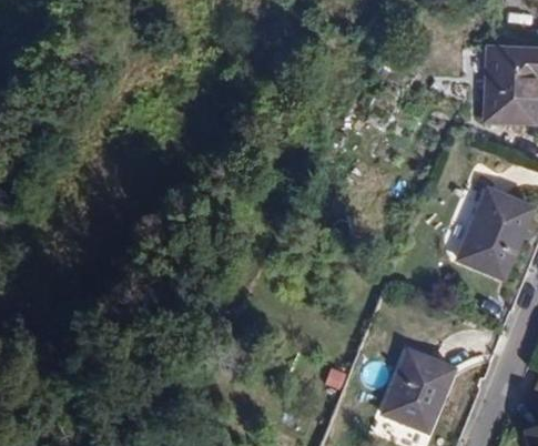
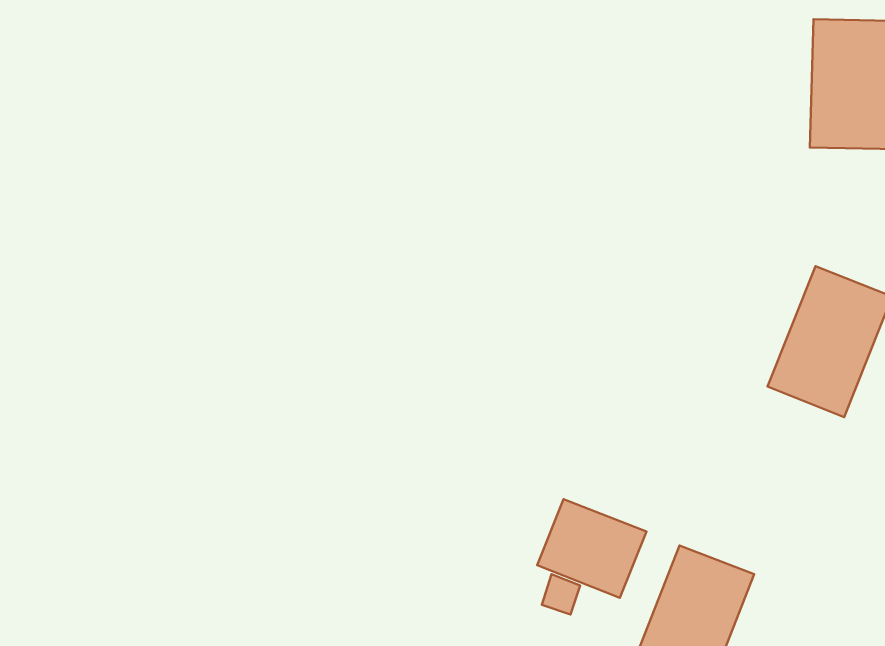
building: none -> [537,499,646,598]

